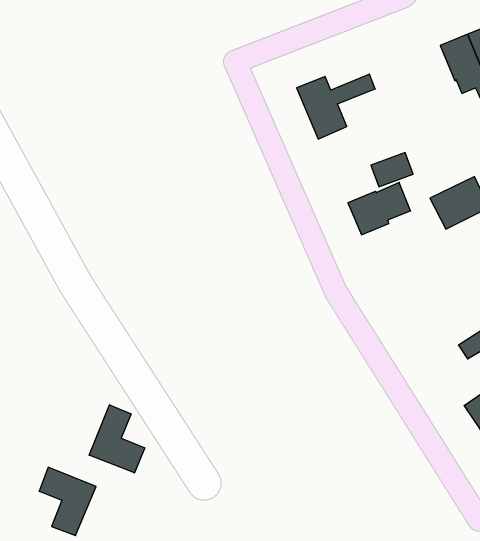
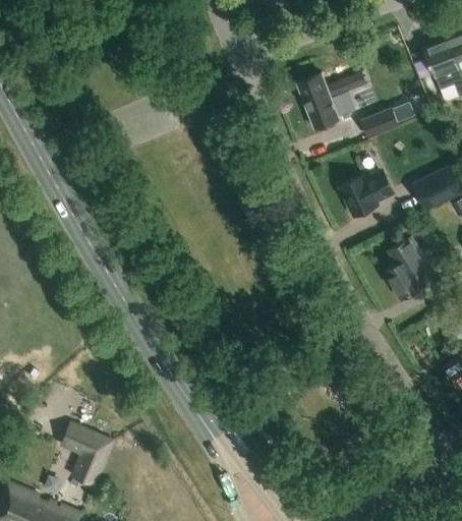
building: [371,153,413,187] -> [363,107,401,137]
building: none -> [385,237,429,299]
building: [89,405,145,473] -> none

